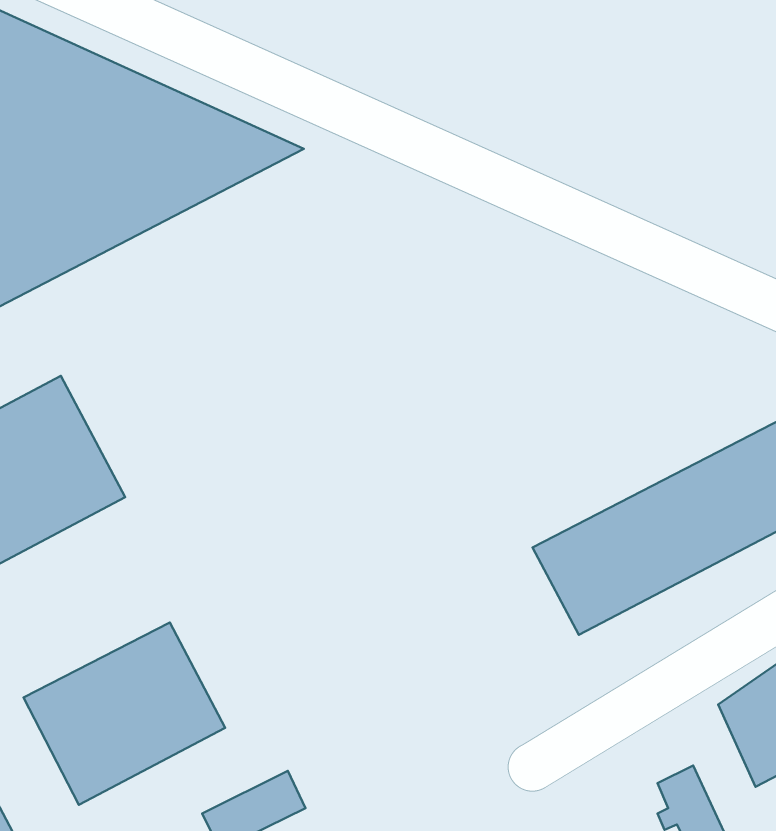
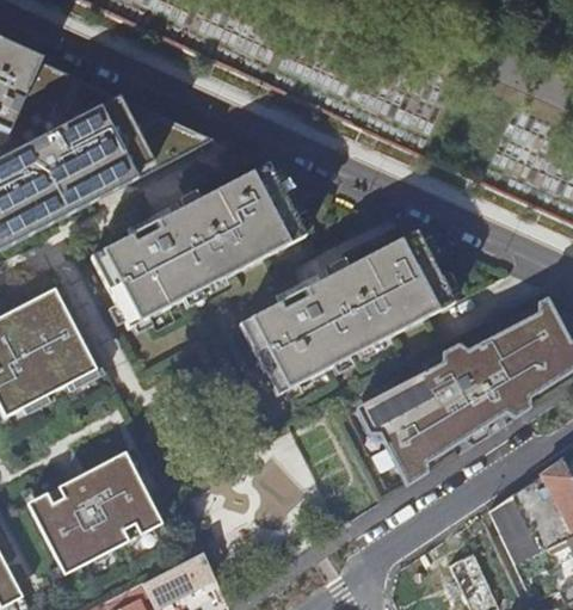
building: none -> [94,155,312,321]
building: none -> [248,222,467,389]

